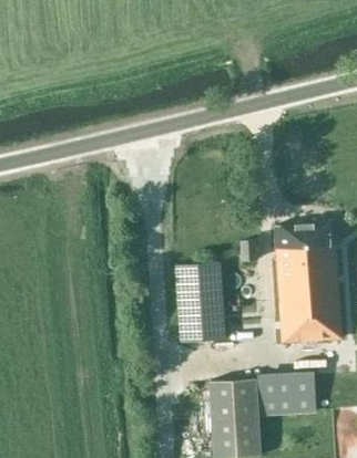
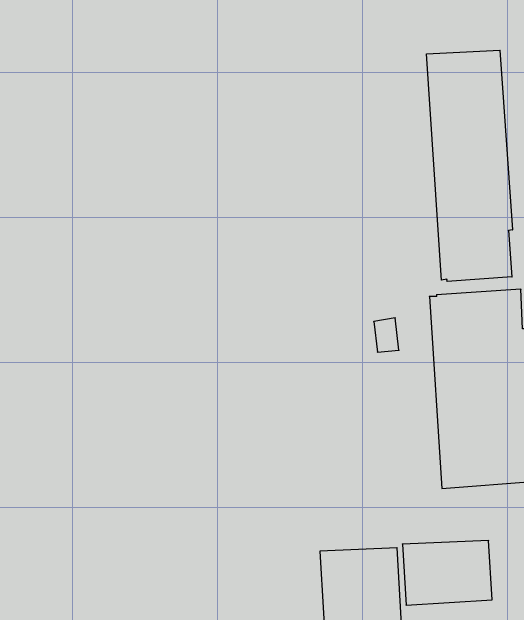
building: none -> [427,50,512,281]
building: [176,262,225,342] -> none

